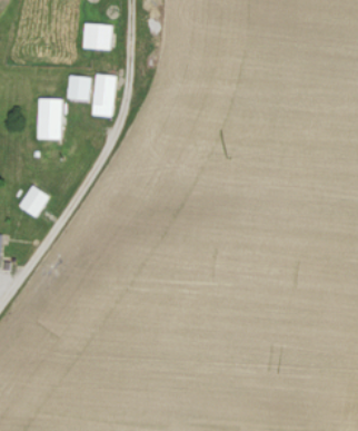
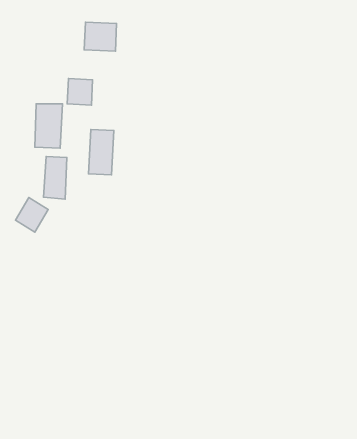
building: [92,75,116,117] -> [89,129,114,175]
building: none -> [44,156,67,199]

